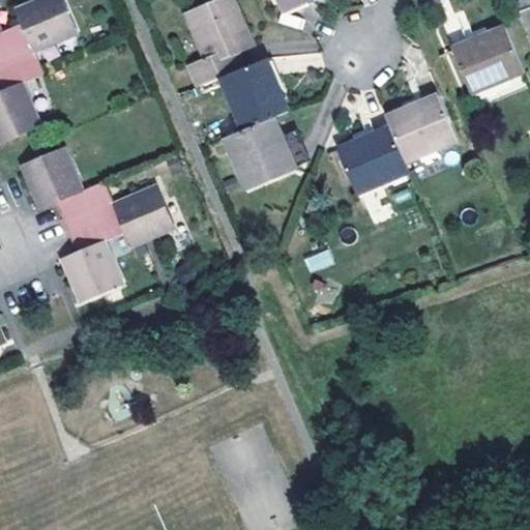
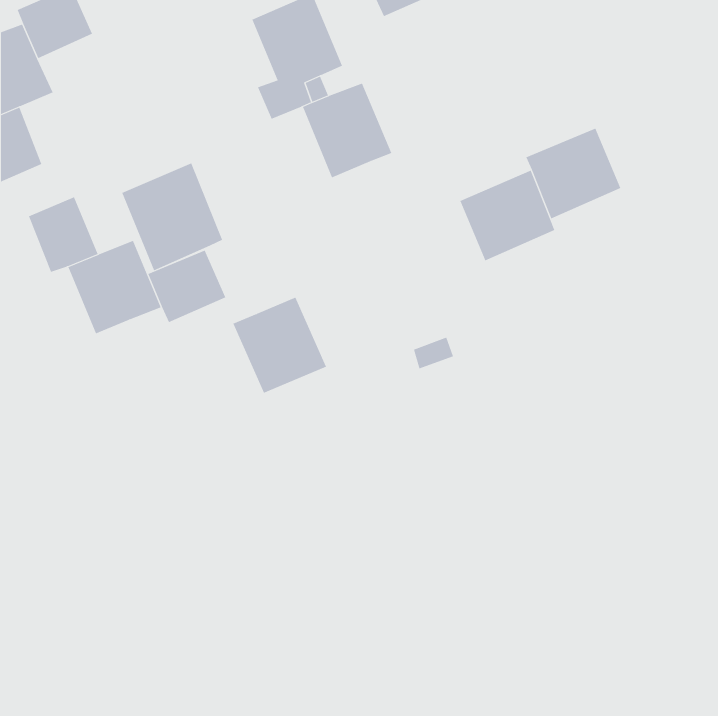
building: [453,26,524,92] -> none
building: [227,119,296,190] -> [233,297,327,394]
building: none -> [121,163,223,271]
building: [59,236,113,295] -> none

